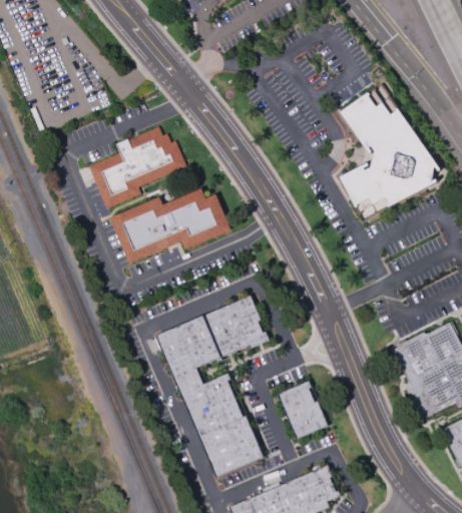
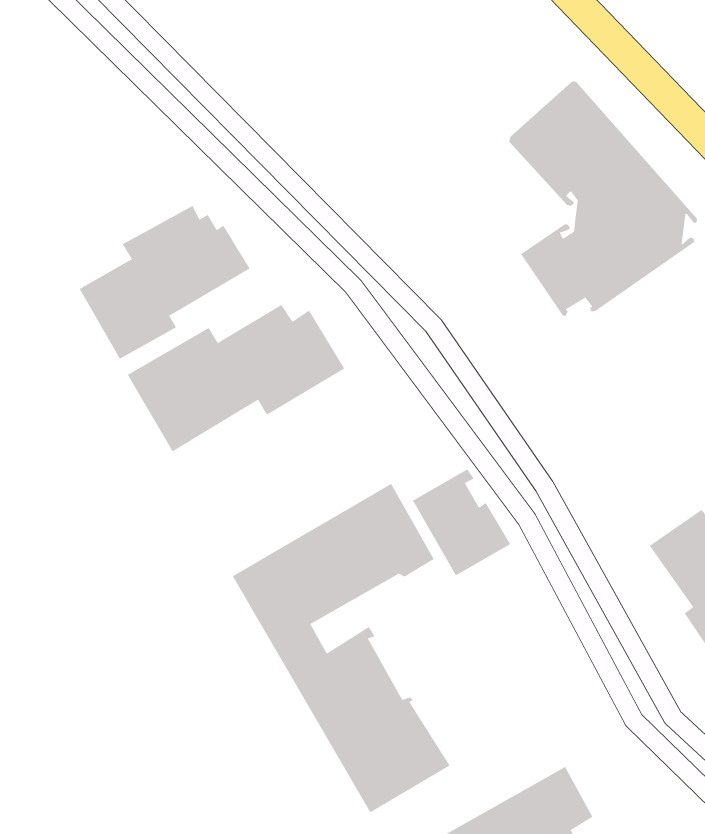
building: [278,381,330,440] -> [412,469,511,576]

